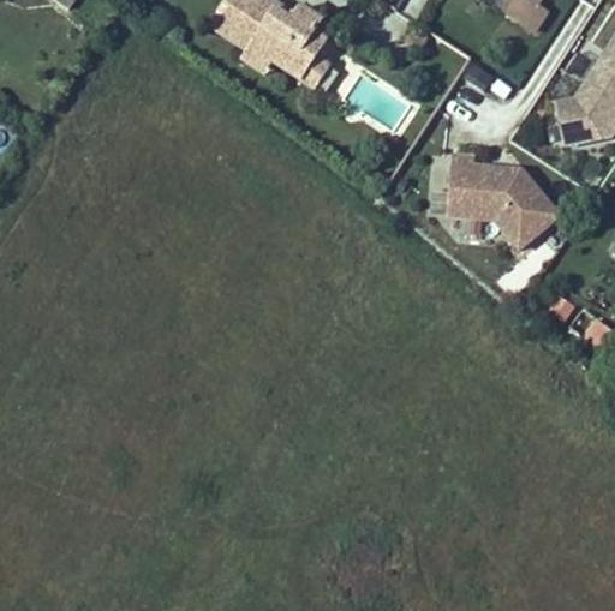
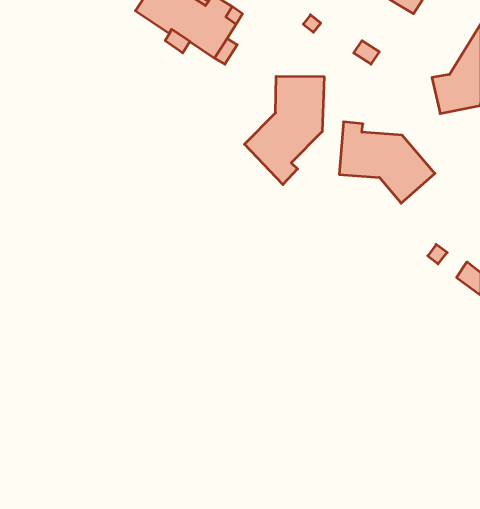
building: none -> [244,76,324,185]

